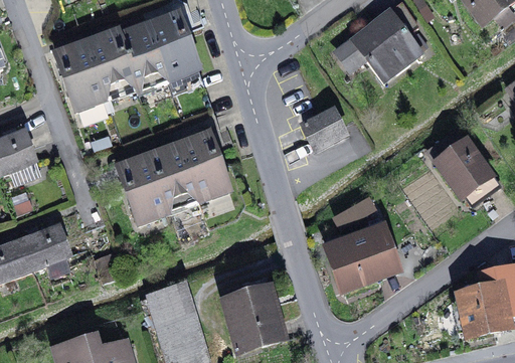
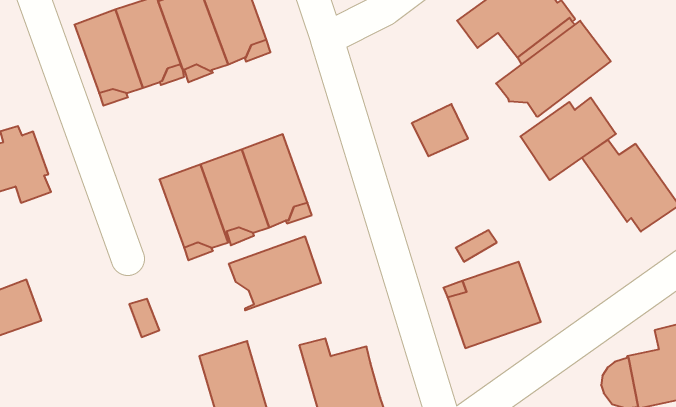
building: none -> [496,21,611,117]
building: none -> [520,98,616,180]
building: none -> [229,236,321,310]
building: [20,225,70,269] -> none

